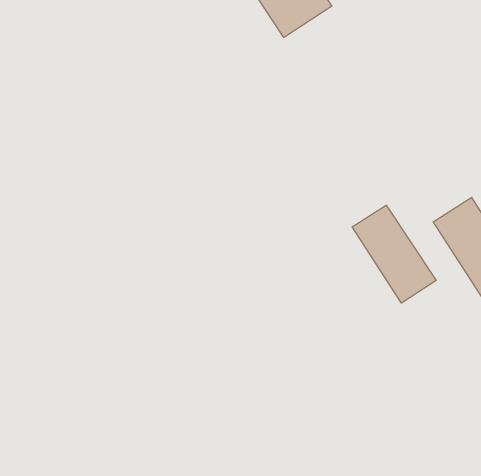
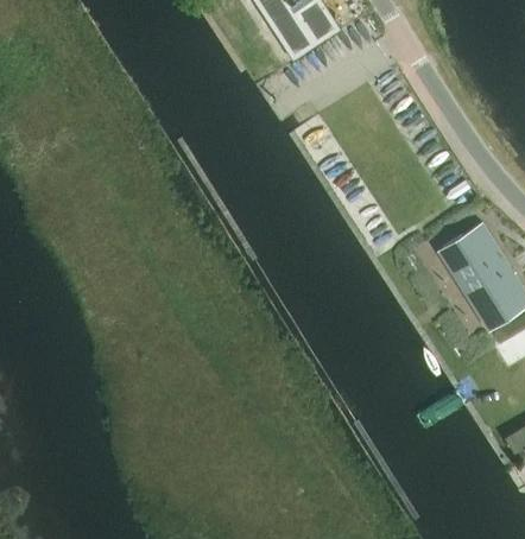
building: [352,205,436,303] -> none

